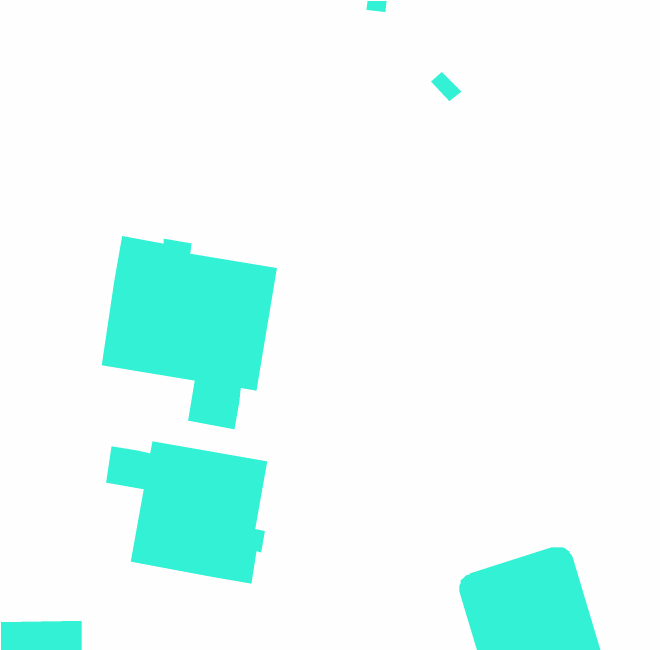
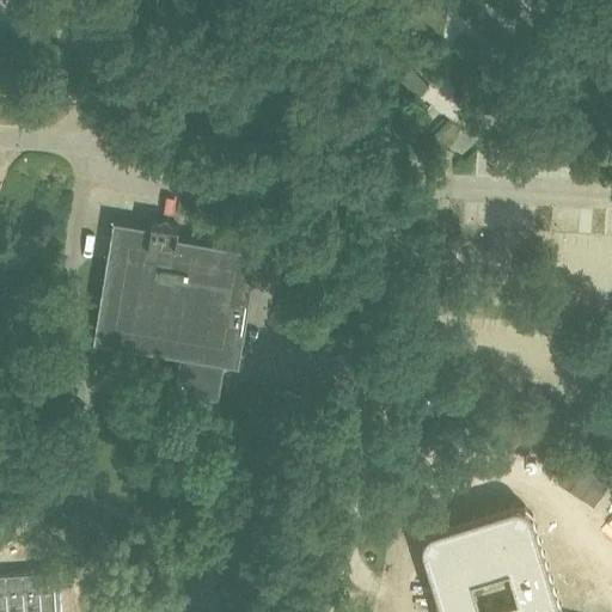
building: [105,441,268,585] -> none

